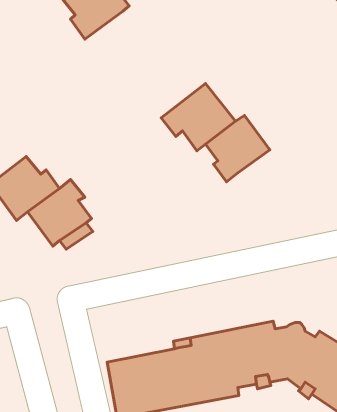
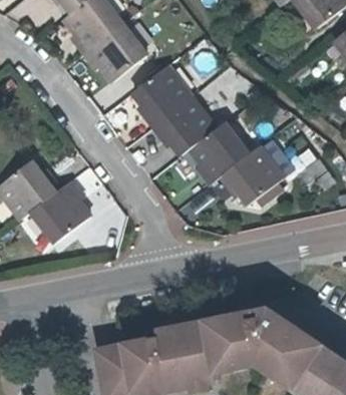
building: none -> [81,25,145,83]
building: none -> [131,64,191,126]
building: none -> [220,147,283,205]

